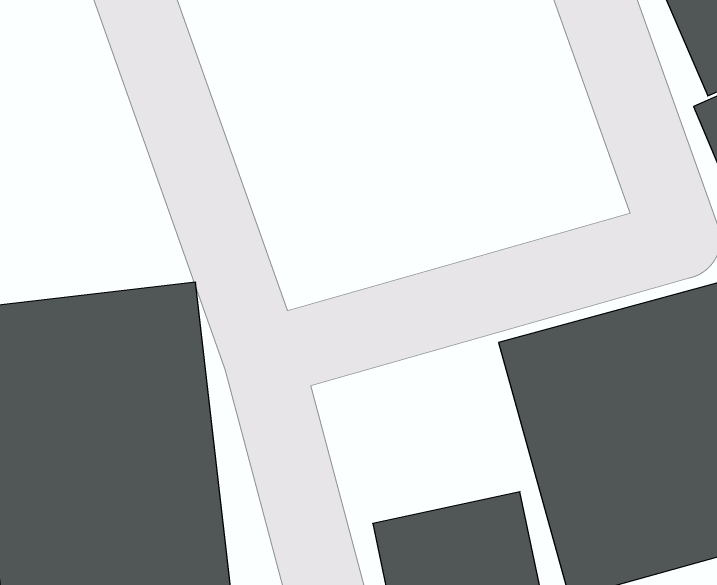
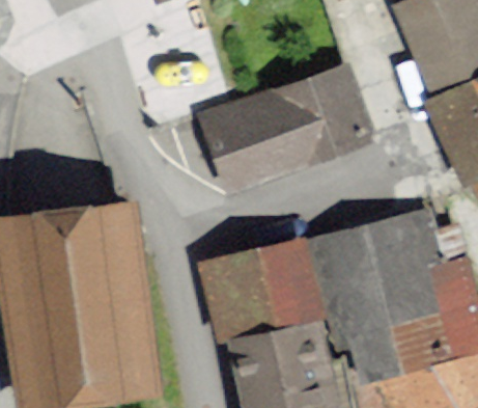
building: none -> [210,58,366,185]
building: none -> [207,246,316,338]

